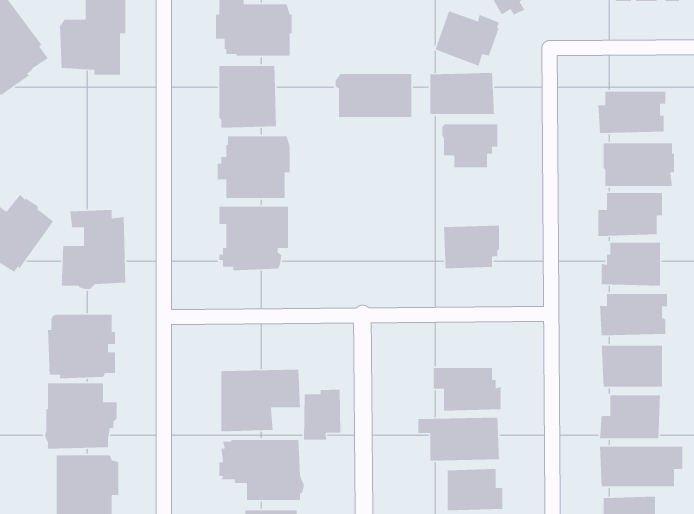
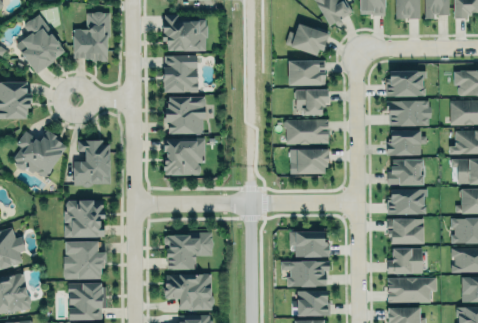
building: [335,73,412,118] -> [283,119,328,145]
building: [303,389,341,441] -> none

